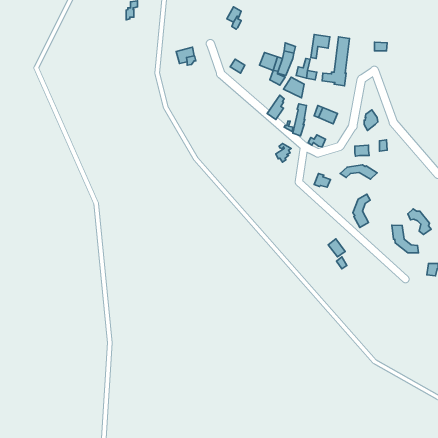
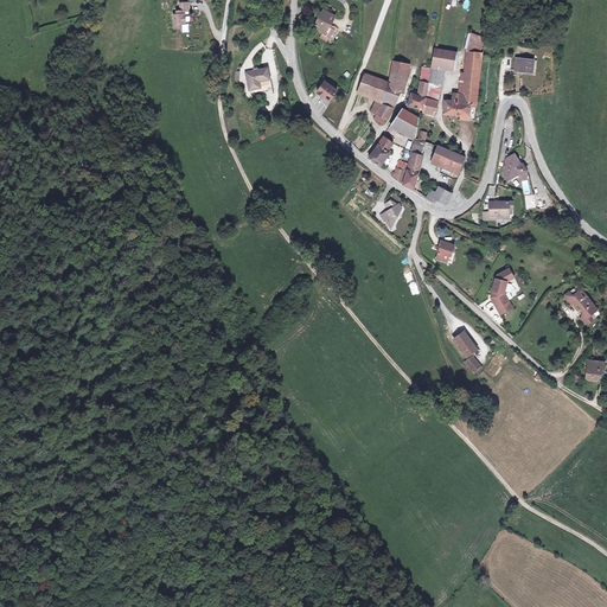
building: [340,165,377,179] -> none
building: [392,225,418,253] -> none

